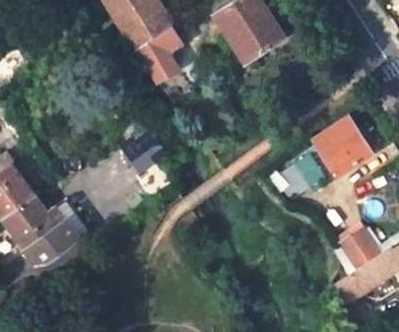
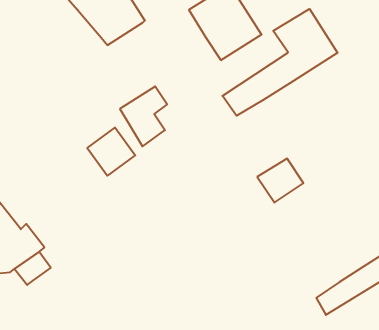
building: none -> [222,9,338,116]
building: [138,25,183,82] -> [120,86,167,146]
building: [314,117,373,176] -> none
building: [342,231,381,271] -> none

